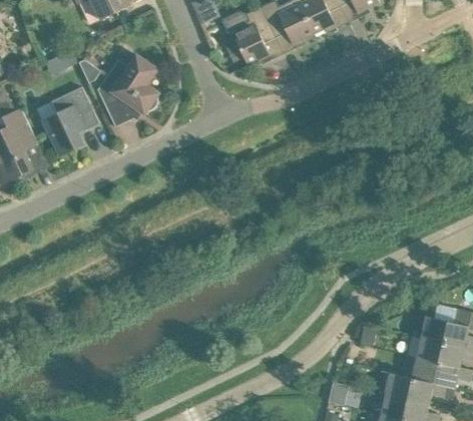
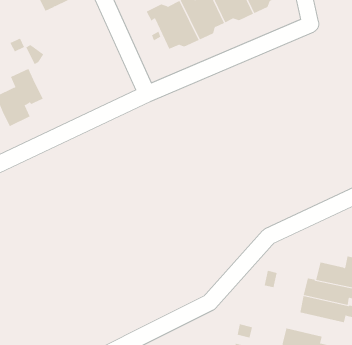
building: [96,53,158,126] -> none
building: [385,373,454,404] -> none

